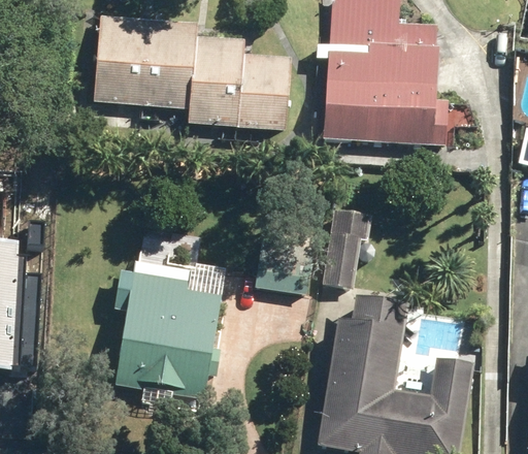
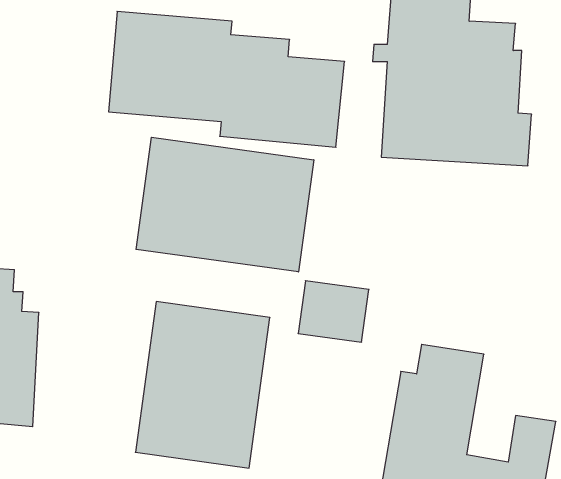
building: none -> [136,137,314,272]
building: [322,209,371,288] -> none

